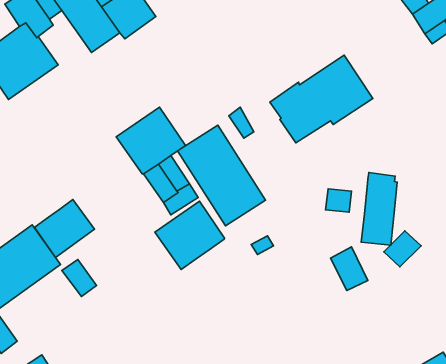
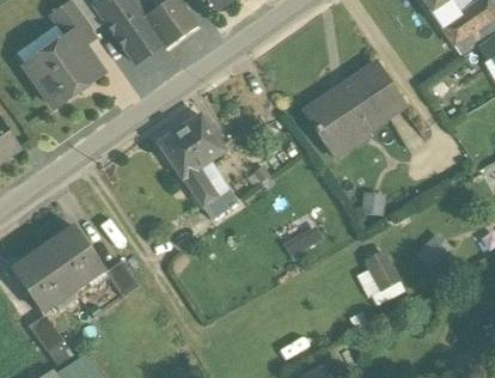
building: [178,125,266,226] -> none
building: [361,172,397,245] -> none
building: [35,200,95,257] -> none
building: [155,201,225,269] -> none

